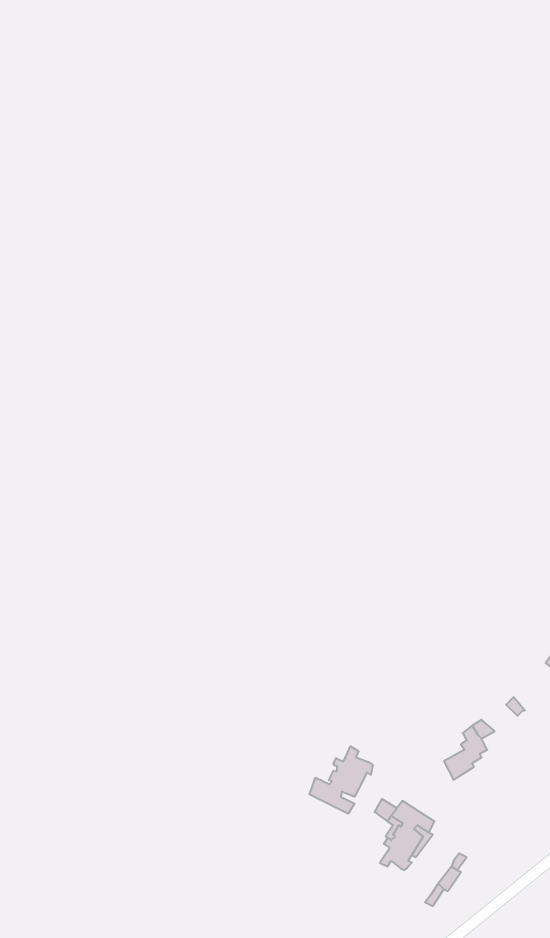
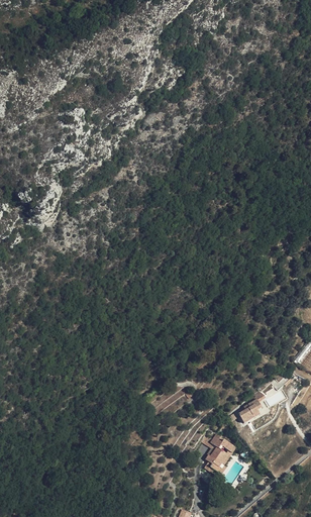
building: [309,746,373,814] -> none

